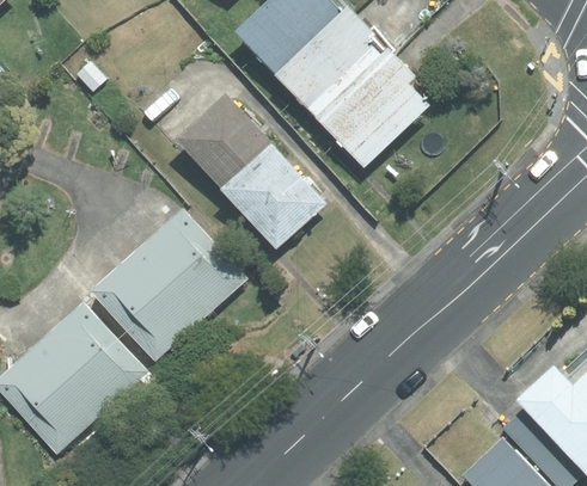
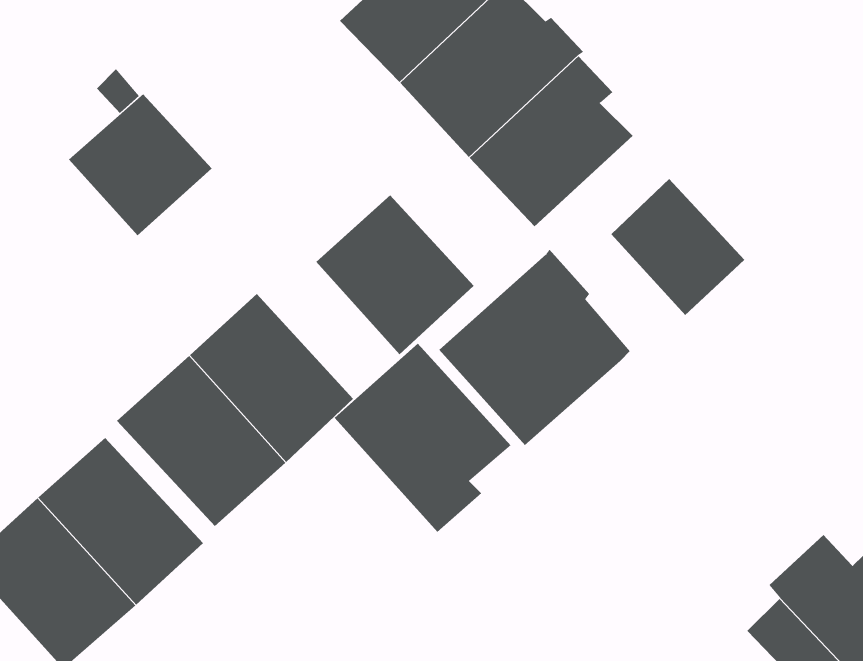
building: [175,94,269,187] -> [68,94,212,236]
building: none -> [610,178,745,316]
building: none -> [438,249,630,446]
building: none -> [334,343,512,533]

